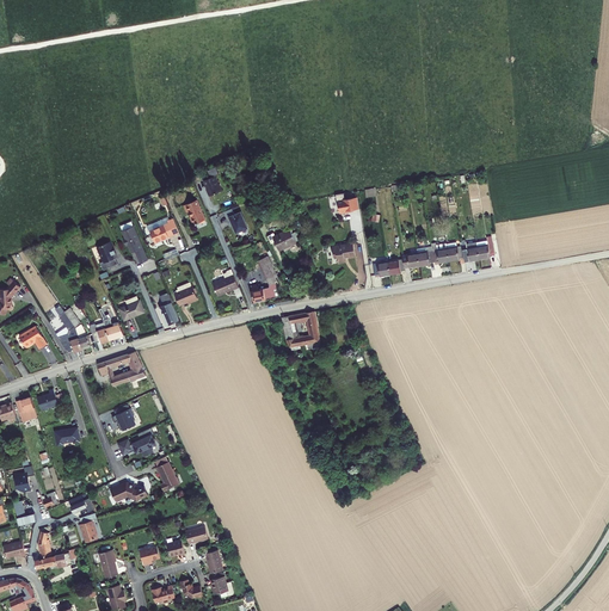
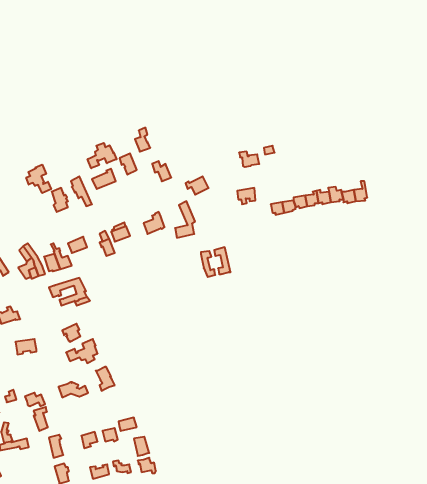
building: none -> [88,143,117,168]
building: none -> [26,165,51,193]

